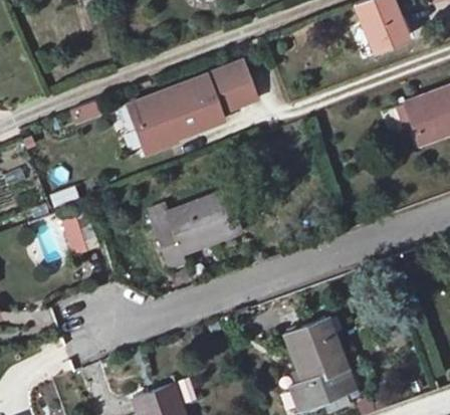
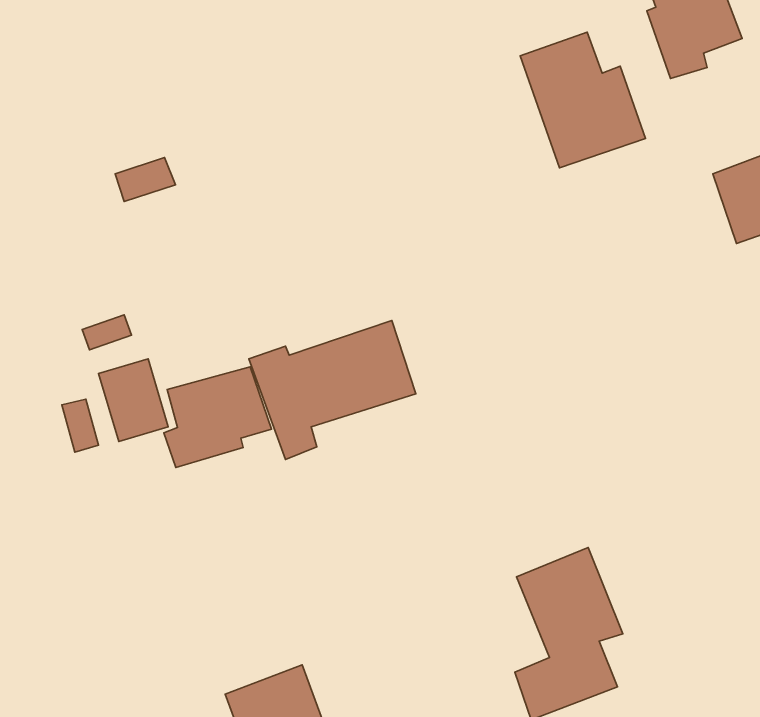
building: none -> [520,32,646,168]
building: [132,60,261,151] -> none
building: none -> [164,367,272,467]

